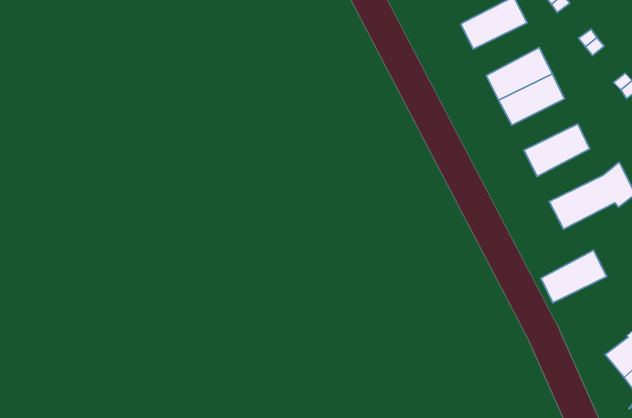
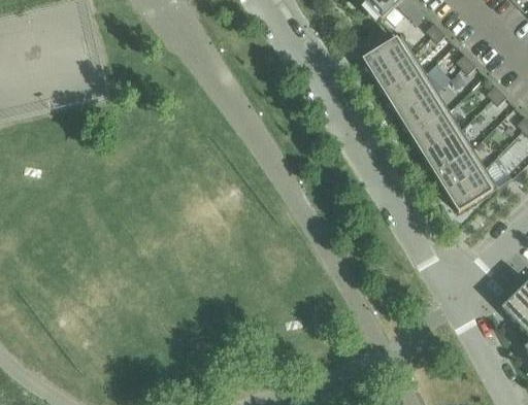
building: none -> [374,52,426,96]
building: none -> [410,108,462,151]
building: [541,250,607,303] -> [434,145,486,190]

